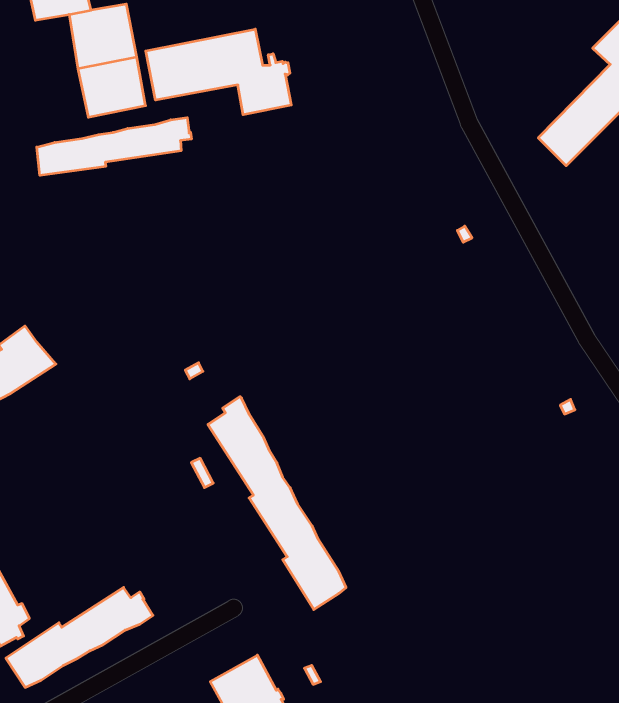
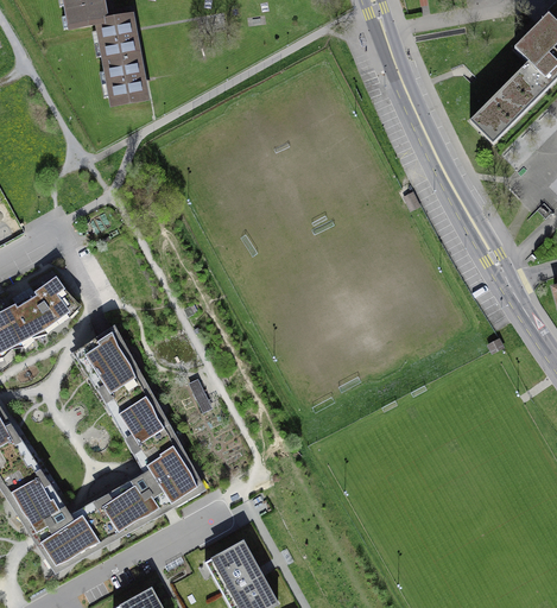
building: [146,29,291,115] -> none
building: [37,118,191,175] -> none
building: [208,397,346,610] -> [86,330,197,502]

